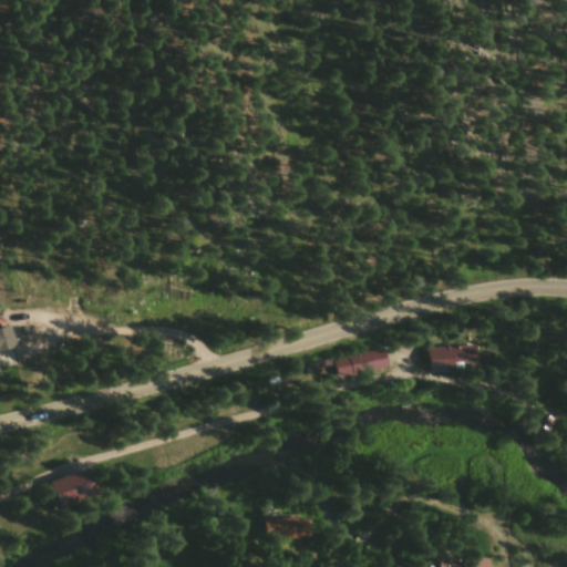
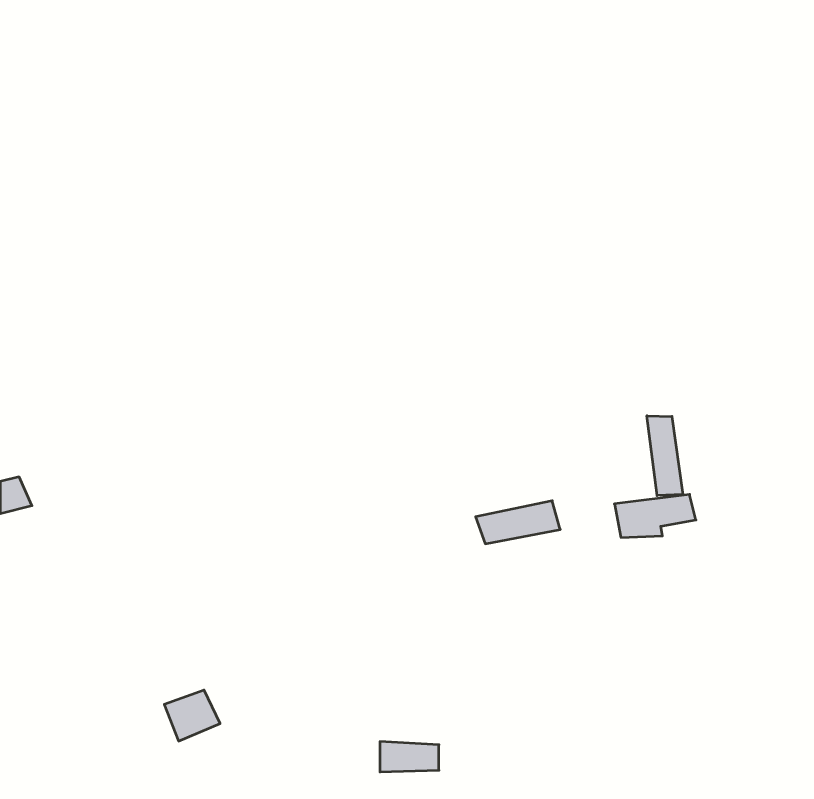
building: none -> [647,416,683,496]
building: [56,466,95,502] -> [164,690,220,741]

